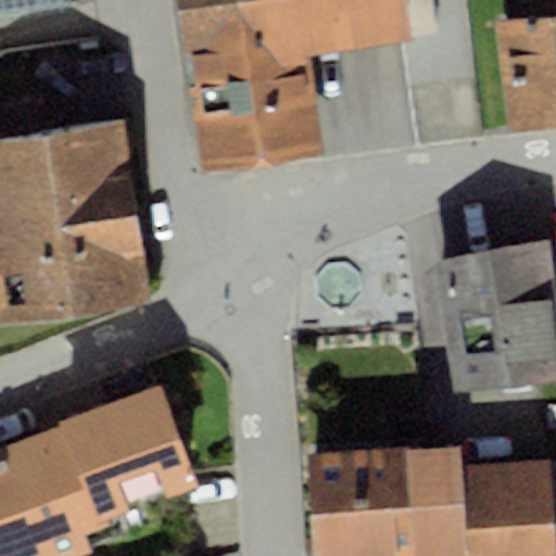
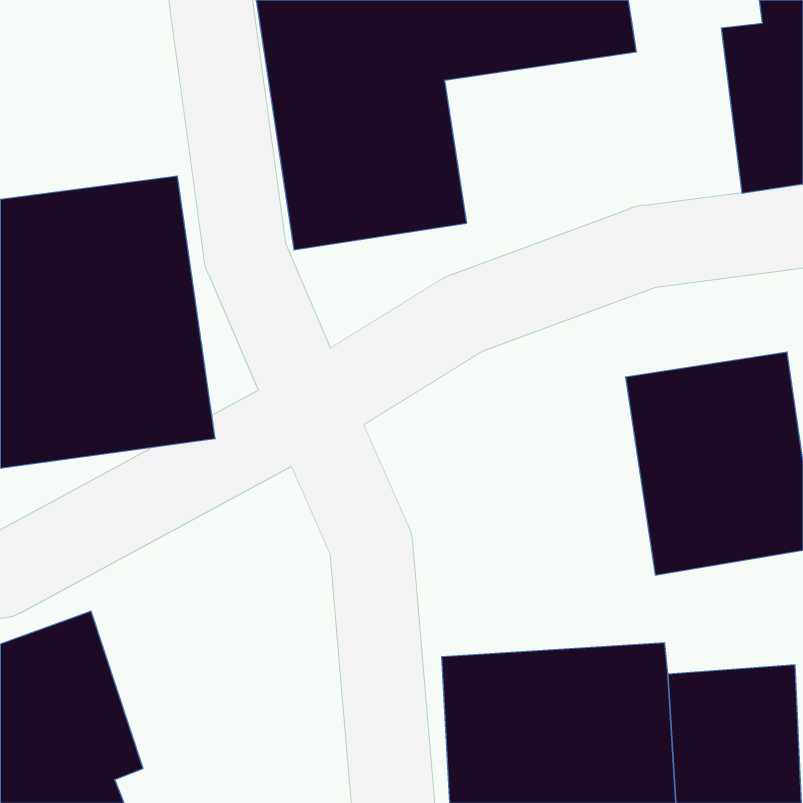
building: [63,387,203,531] -> none

